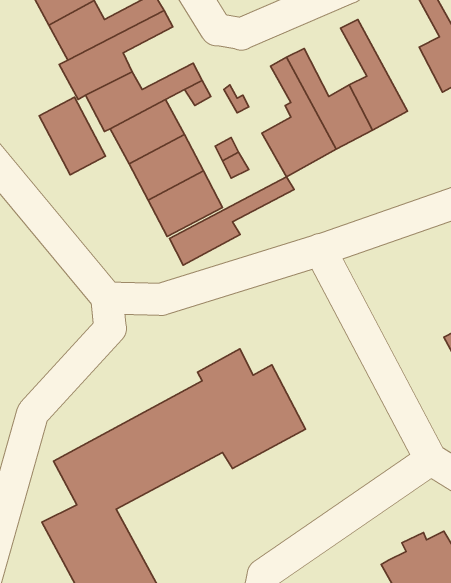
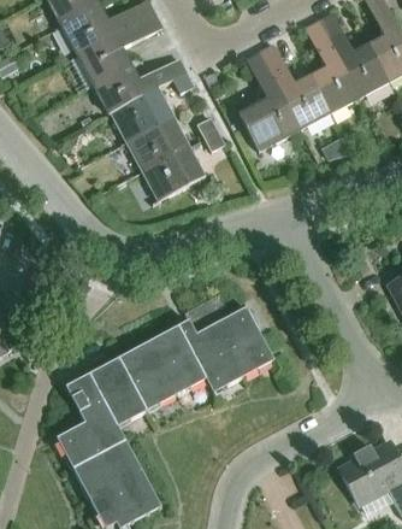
building: none -> [317,12,386,96]
building: [39,97,106,175] -> none
building: [169,177,294,265] -> none

